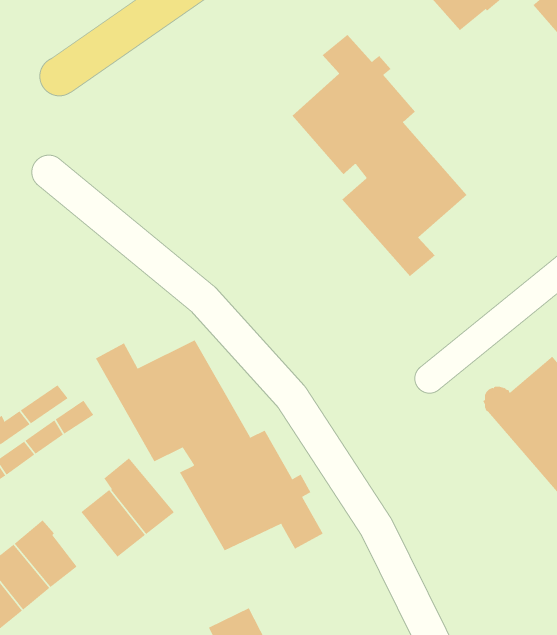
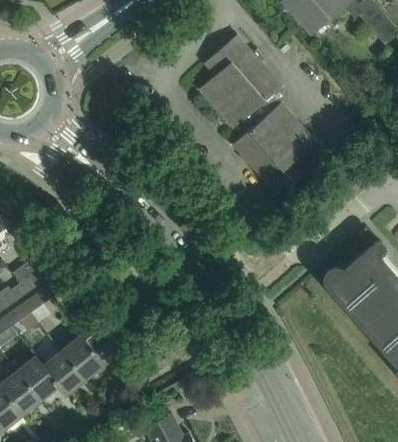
building: [95,339,324,551] -> none
building: none -> [42,350,84,395]

